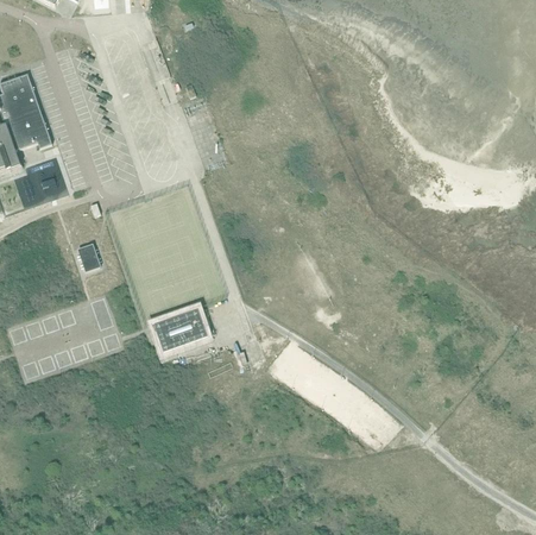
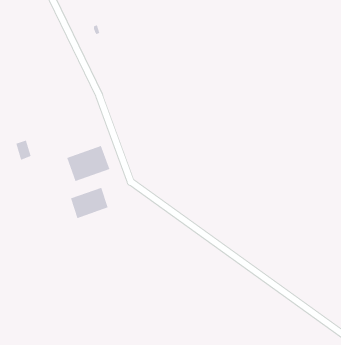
building: none -> [66,145,110,182]

